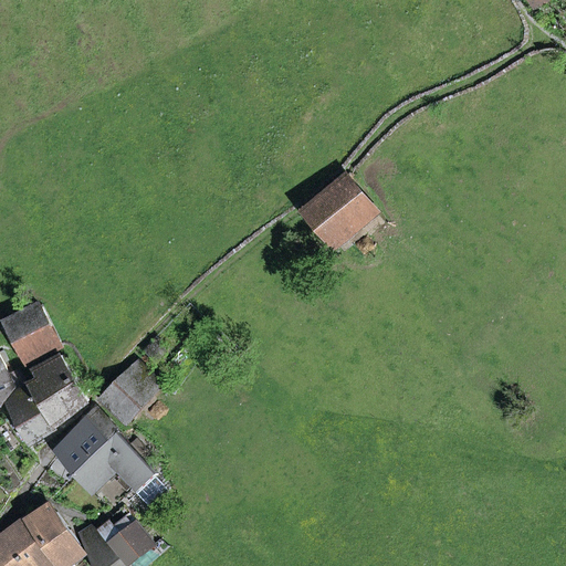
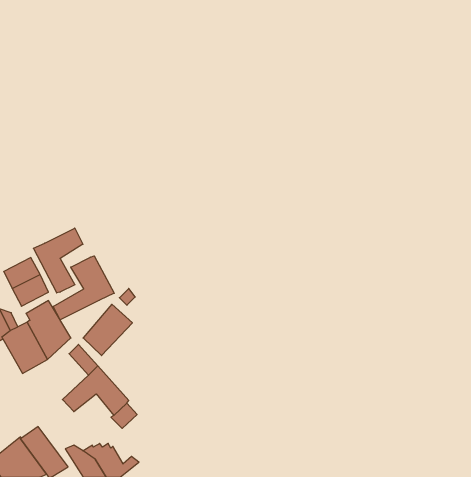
building: [303,178,371,247] -> none
building: none -> [33,228,83,293]
building: none -> [53,256,114,320]
building: [55,419,105,473] -> none

